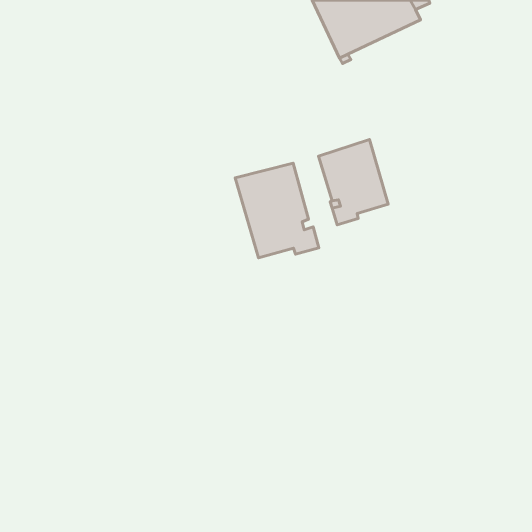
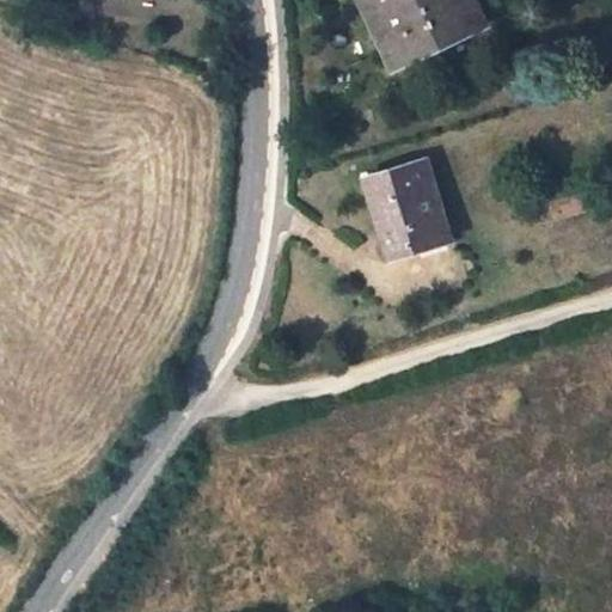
building: [235,163,319,258] -> none

